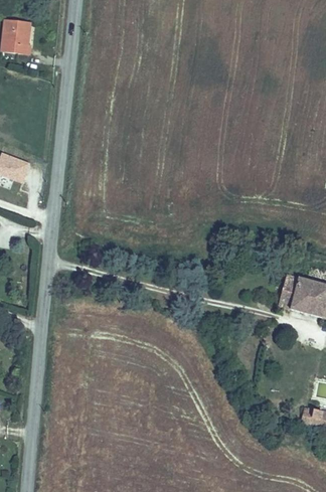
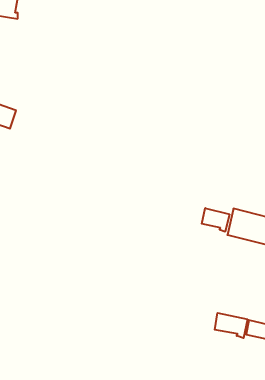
building: none -> [202,208,229,232]
building: none -> [215,313,247,338]

